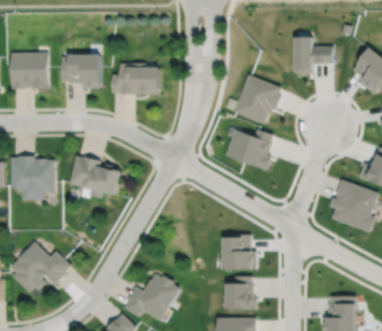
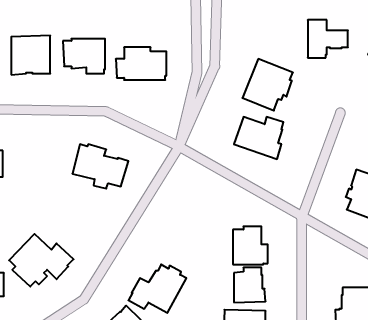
building: [11,157,56,202] -> none

